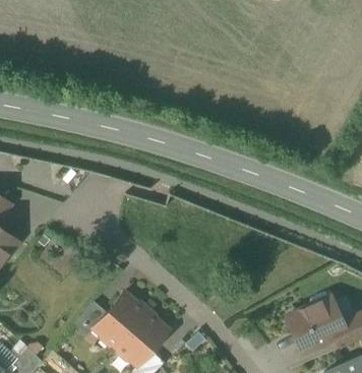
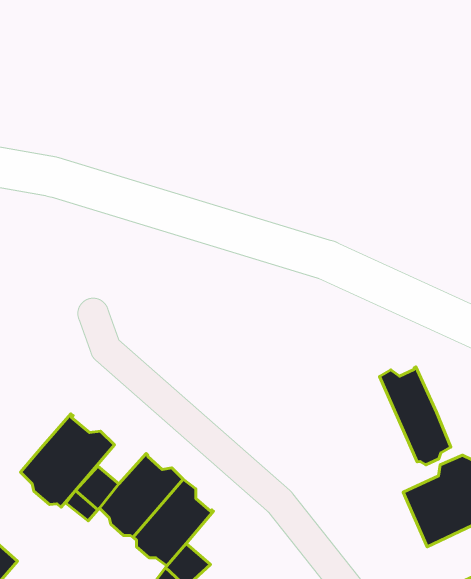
building: none -> [379,367,451,465]
building: none -> [20,414,114,507]

